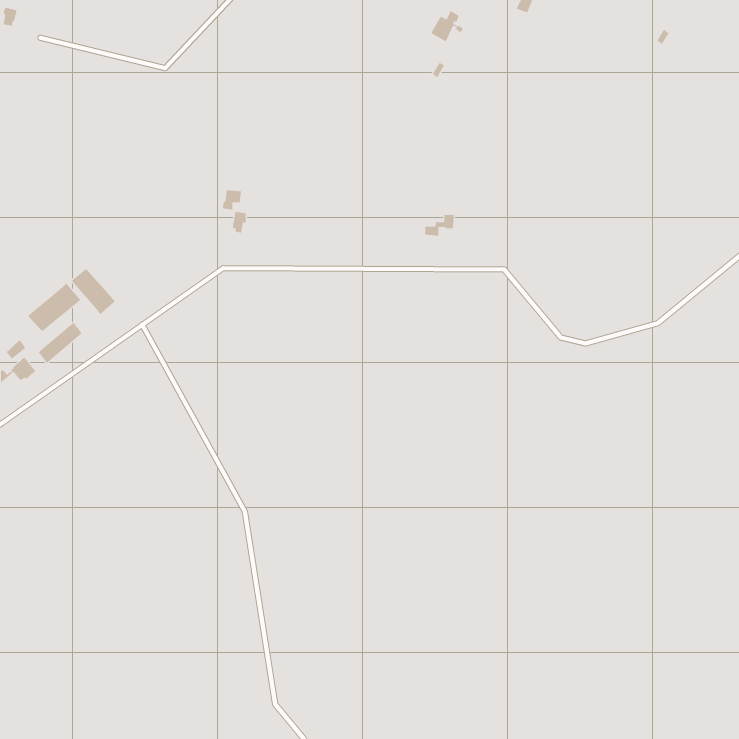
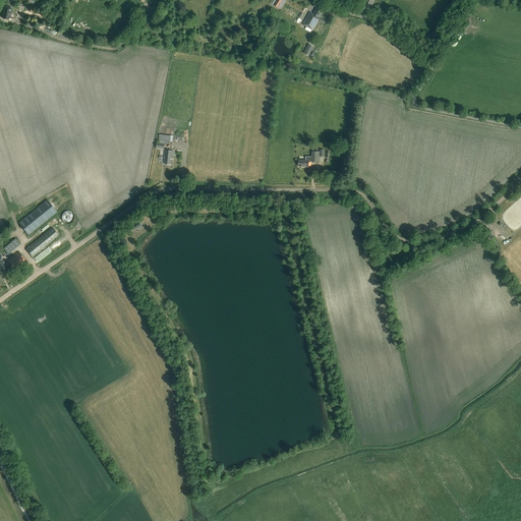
building: [71,268,116,315] -> none

